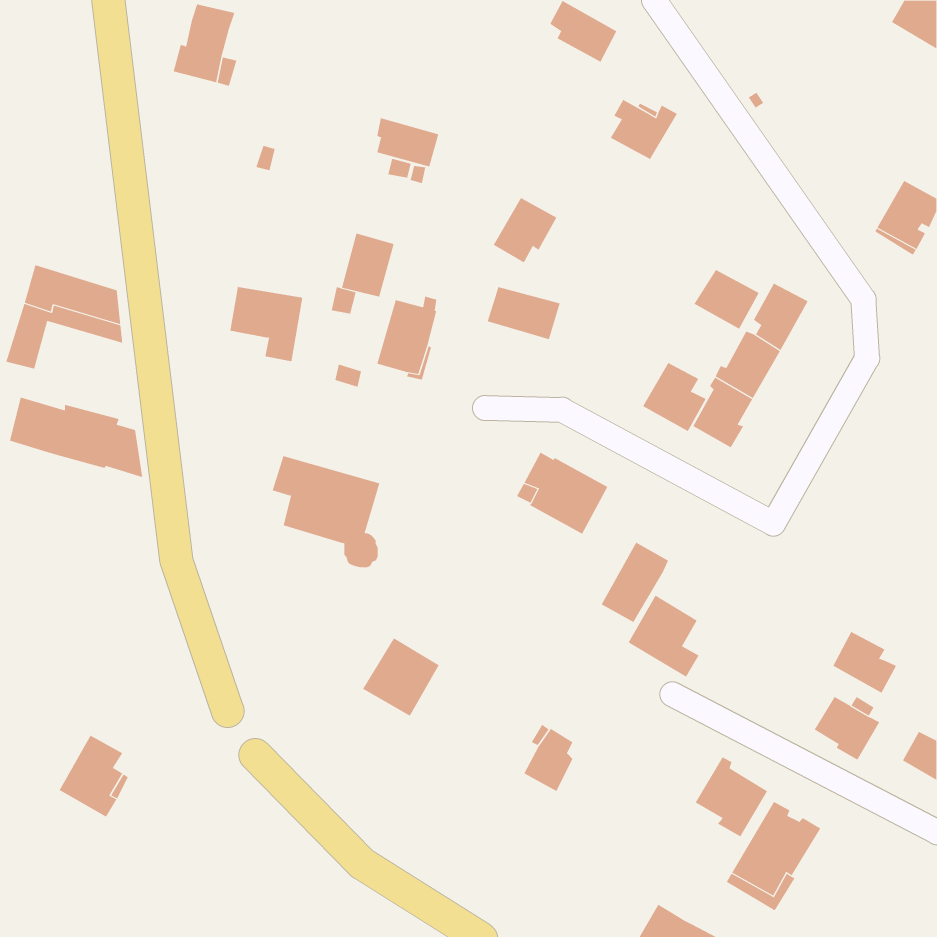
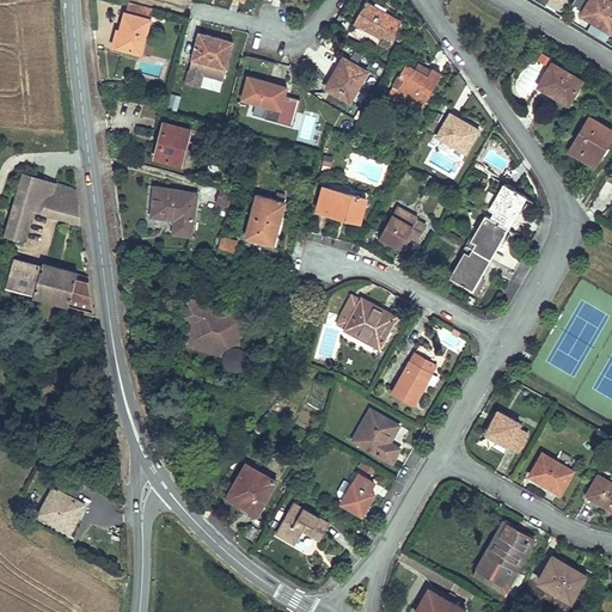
building: none -> [188,33,233,81]
building: none -> [538,63,580,105]
building: [493,197,557,263] -> [325,59,367,102]
building: [341,233,395,297] -> [155,123,190,165]
building: [694,269,760,330] -> [435,115,478,154]
building: [642,362,706,432] -> [379,208,421,253]
building: [628,595,699,677] -> [353,410,399,464]
building: [832,631,897,693] -> [485,411,527,452]
building: [362,637,439,716] -> [226,465,276,516]
building: [695,756,768,837] -> none
building: none -> [275,504,329,545]
building: none -> [538,557,585,601]

